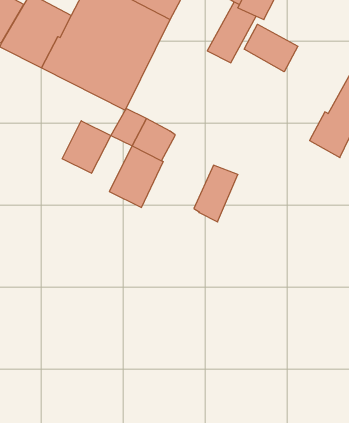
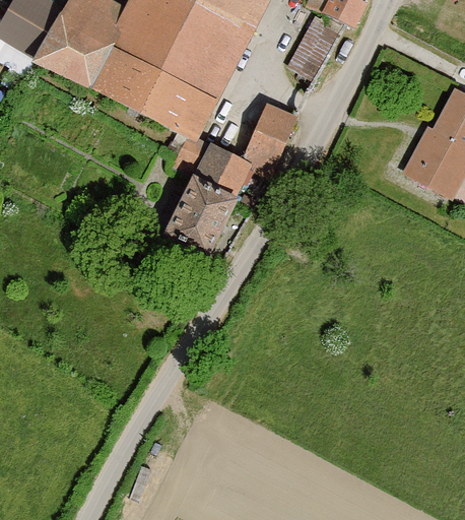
building: [244,24,298,72] -> none
building: [62,121,111,173] -> none
building: [194,165,238,222] -> [243,109,295,177]

